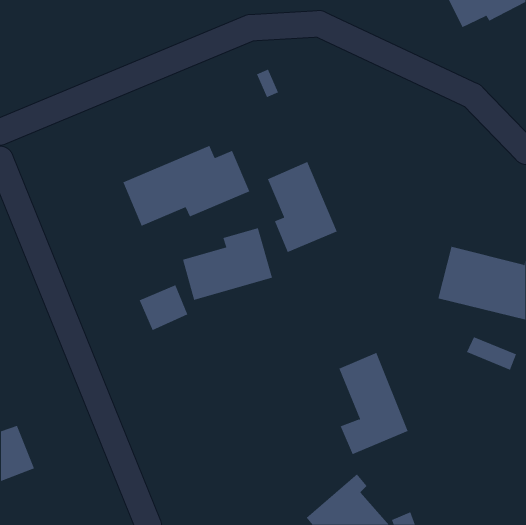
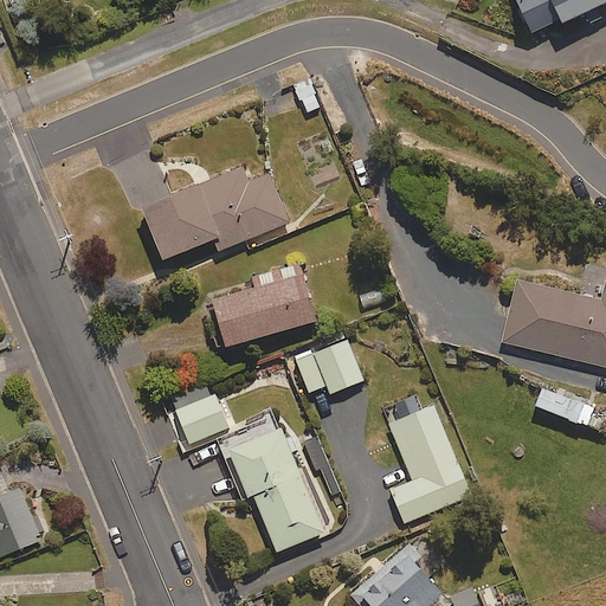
building: [267,161,338,253] -> none
building: [139,285,188,331] -> [173,393,230,446]
building: none -> [295,339,363,393]
building: none -> [224,420,324,553]

